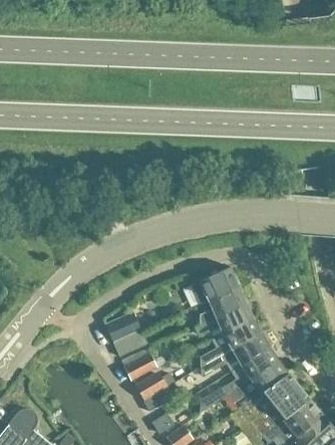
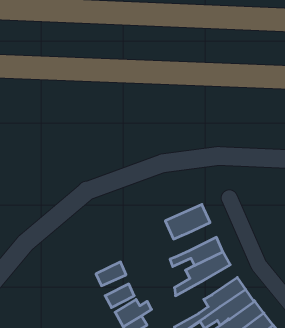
building: [199,286,246,324] -> none
building: [106,315,140,343] -> none
building: [201,332,269,376] -> none

